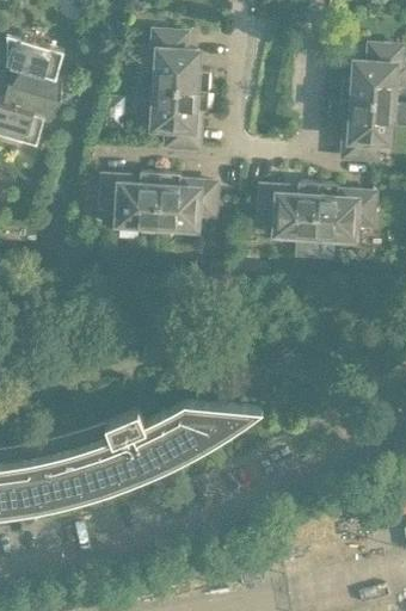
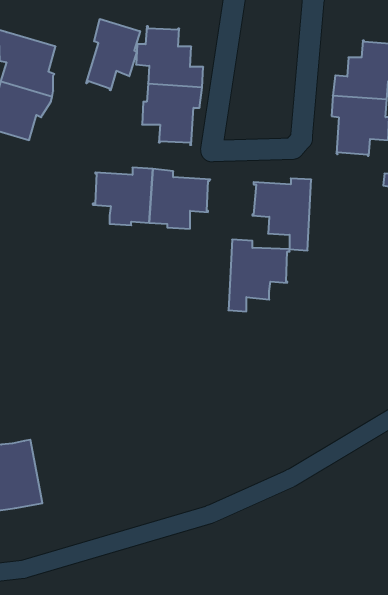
building: none -> [86,19,140,90]
building: [314,186,375,258] -> [228,240,290,311]
building: [38,405,263,508] -> none

